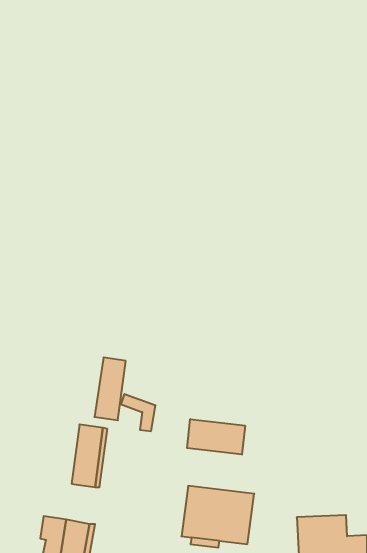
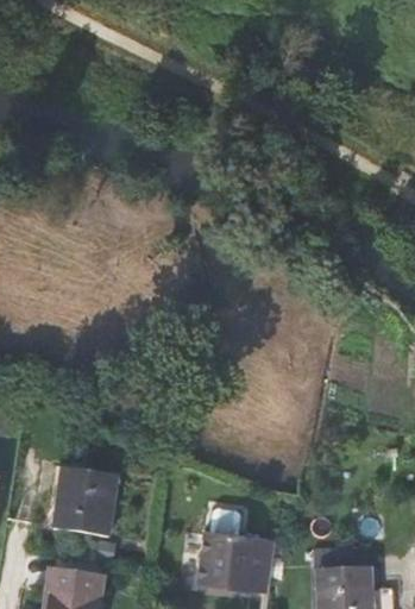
building: [94,358,126,420] -> [54,467,87,534]
building: [187,419,245,455] -> none

